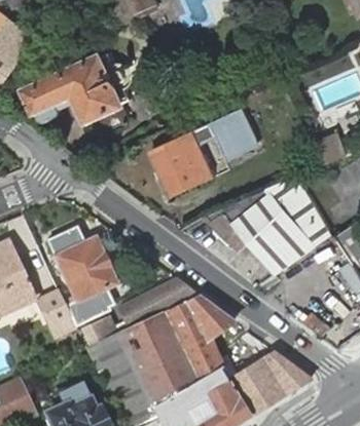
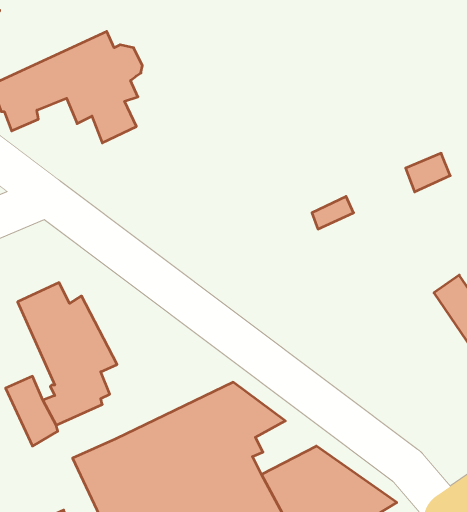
building: [151,106,257,196] -> none
building: [207,176,331,272] -> none
building: [110,280,193,336] -> none

